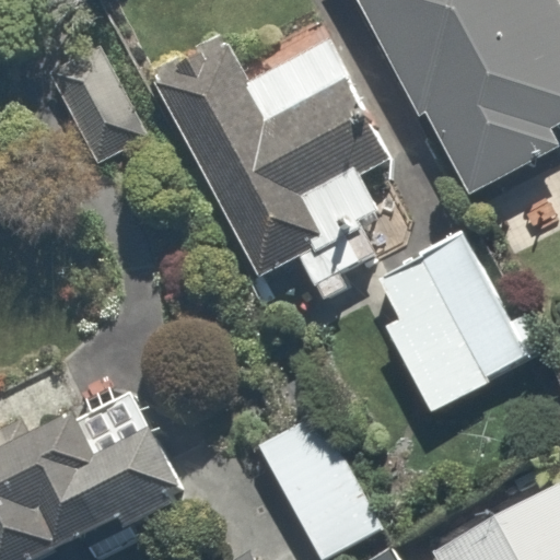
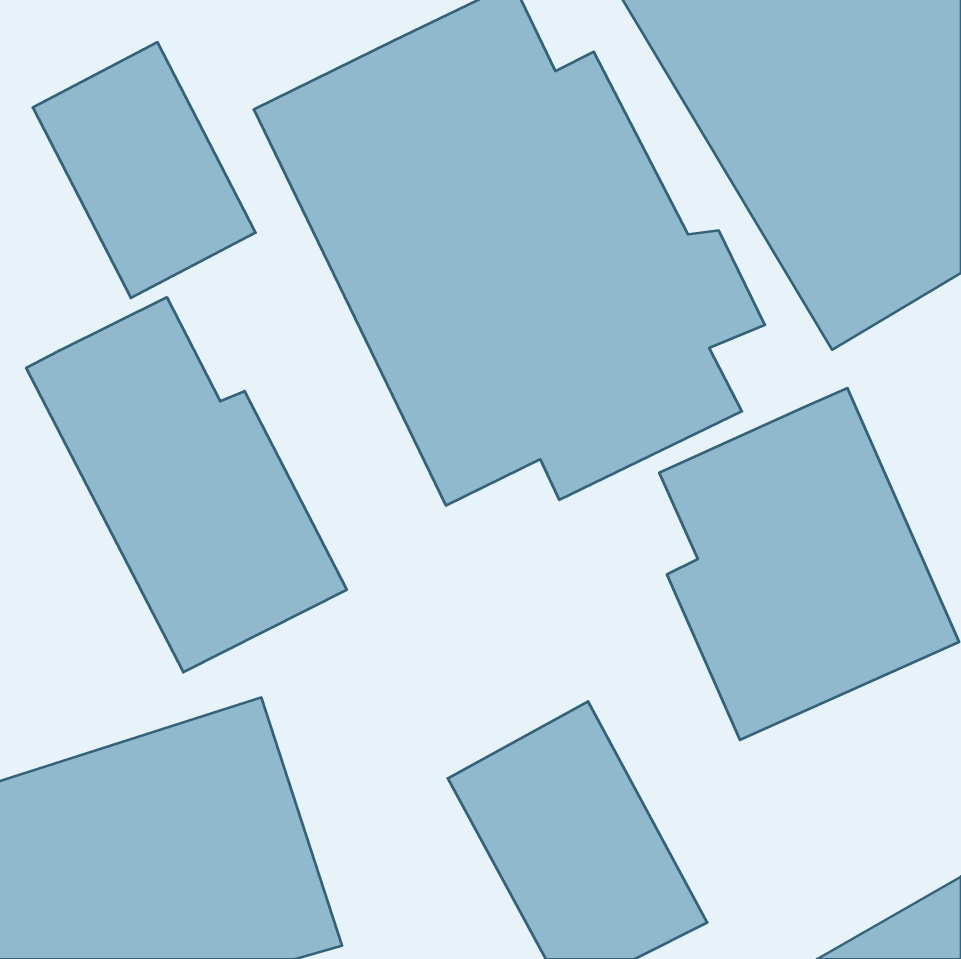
building: none -> [26,297,347,672]

